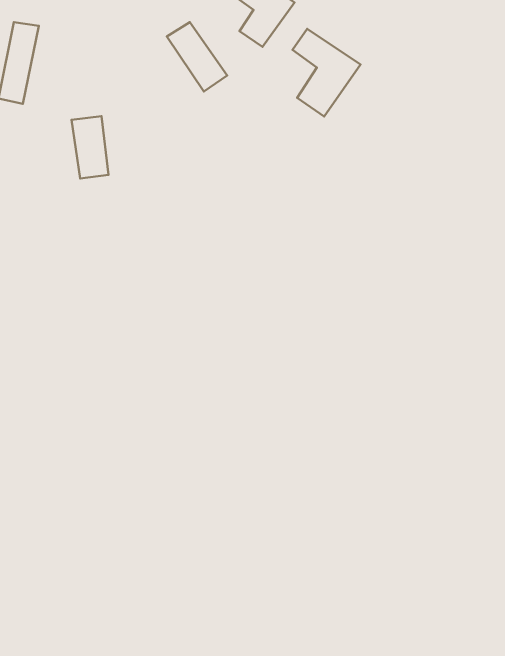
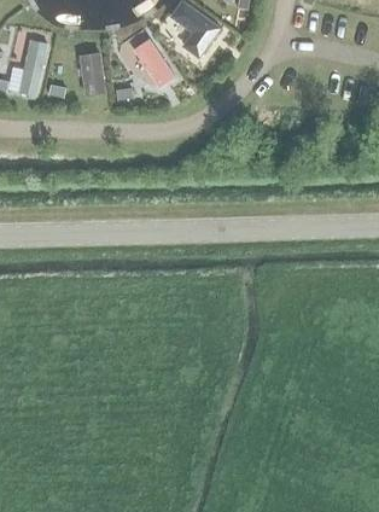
building: [292,29,361,117] -> none
building: [71,116,109,178] -> [78,51,104,93]

